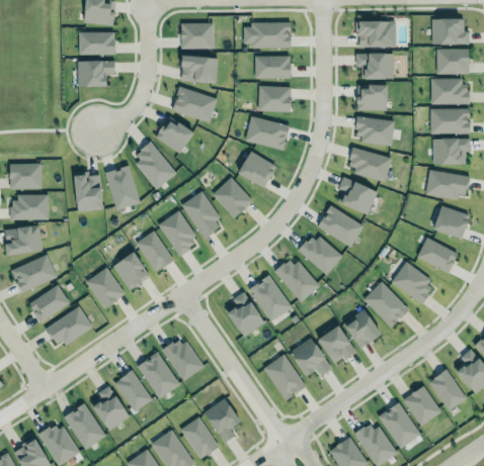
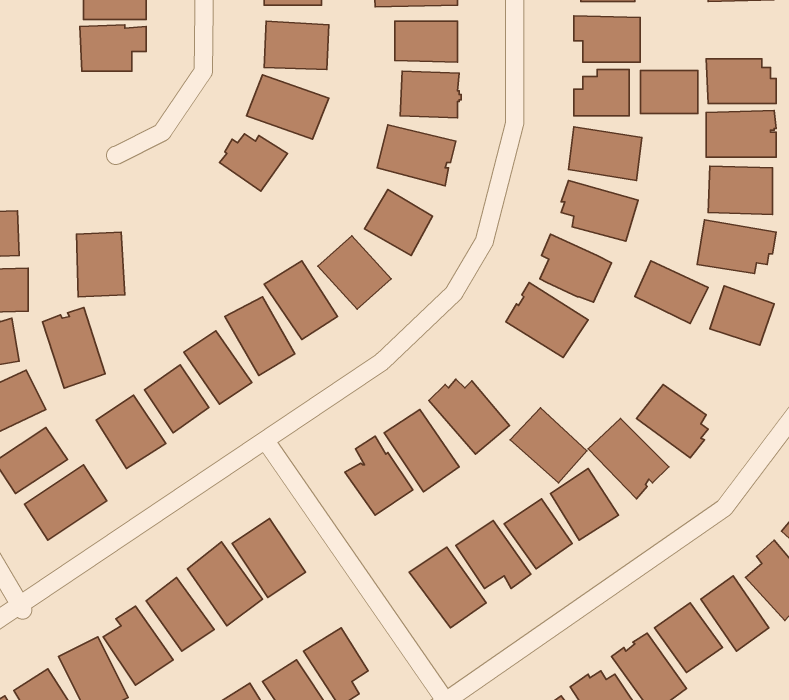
building: [436,50,469,74] -> [641,70,698,113]
building: [132,142,176,188] -> none
building: [105,164,141,209] -> [43,308,105,388]
building: [299,232,342,275] -> [510,408,587,483]
building: [417,238,459,273] -> [635,261,708,323]

